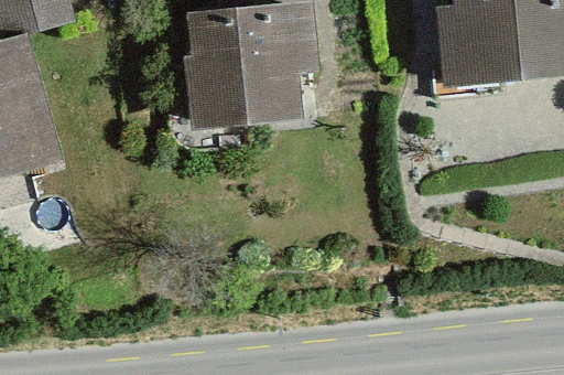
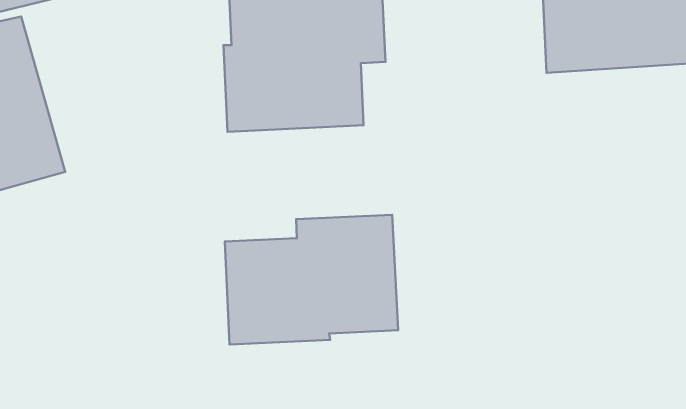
building: none -> [225,215,398,345]

